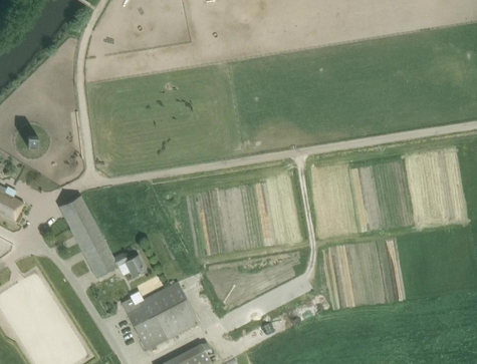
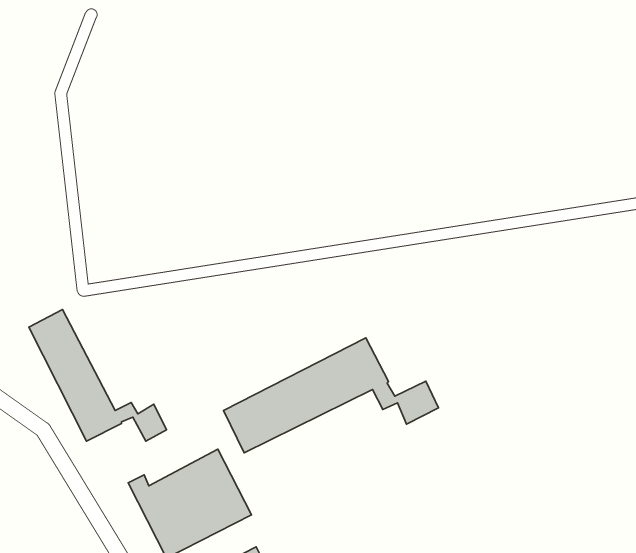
building: none -> [223,338,438,453]

